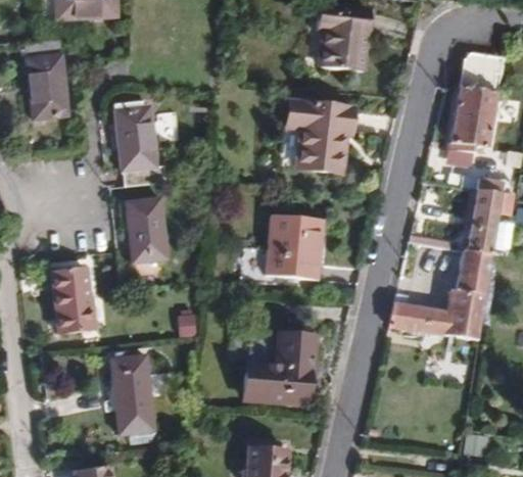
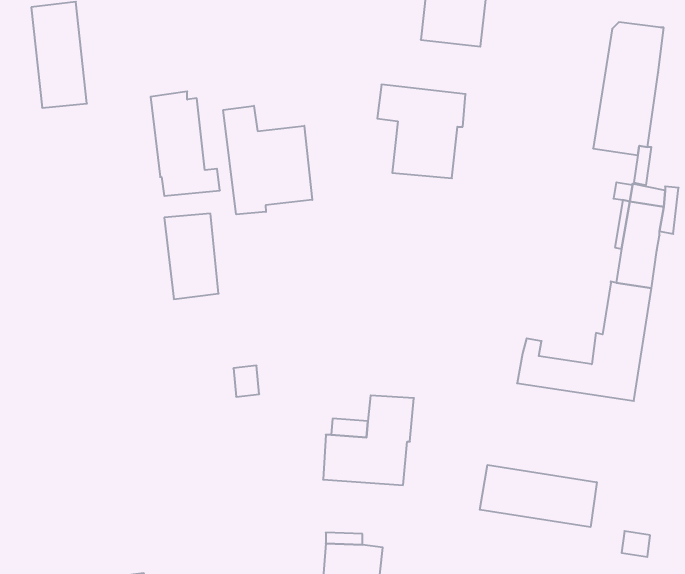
building: none -> [223,106,312,214]
building: [267,214,323,278] -> none
building: [52,267,93,332] -> none
building: [111,353,154,433] -> none
building: none -> [480,465,597,527]

